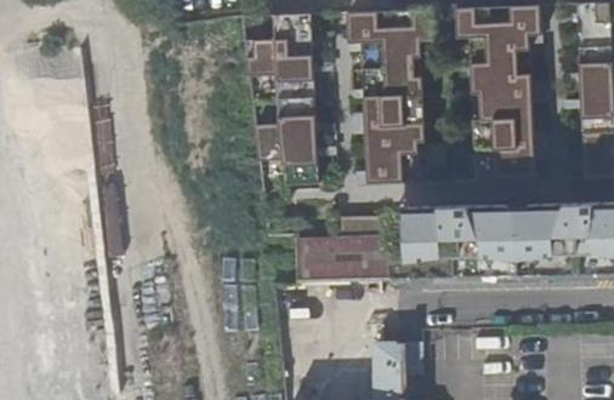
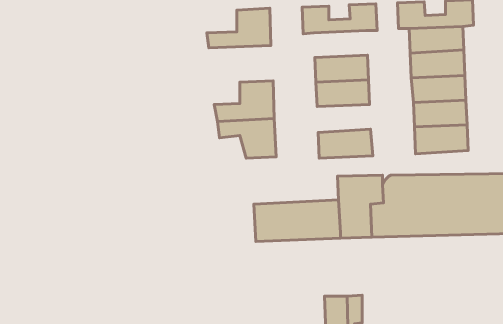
building: [363,41,423,72] -> none
building: [244,58,317,99] -> none
building: [366,125,427,156] -> none

